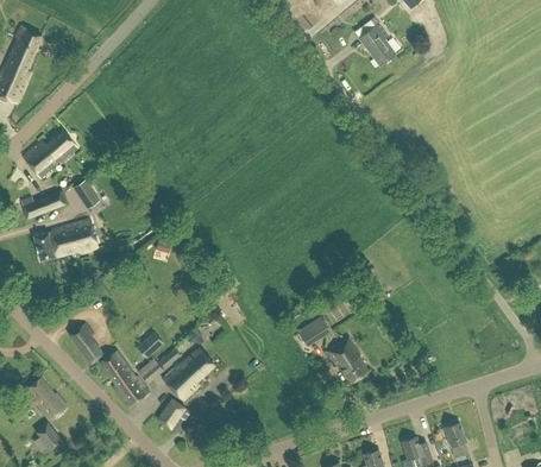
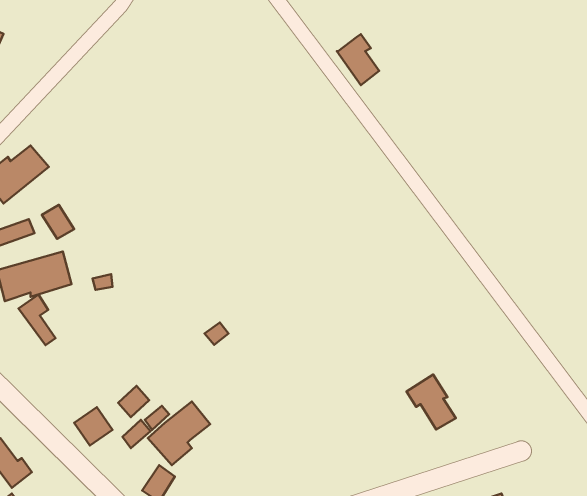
building: [359,24,395,67] -> [337,34,379,85]
building: [297,316,331,346] -> none
building: [68,321,99,364] -> [19,294,55,345]
building: [326,336,367,383] -> [406,374,456,430]
building: [112,368,149,406] -> none

